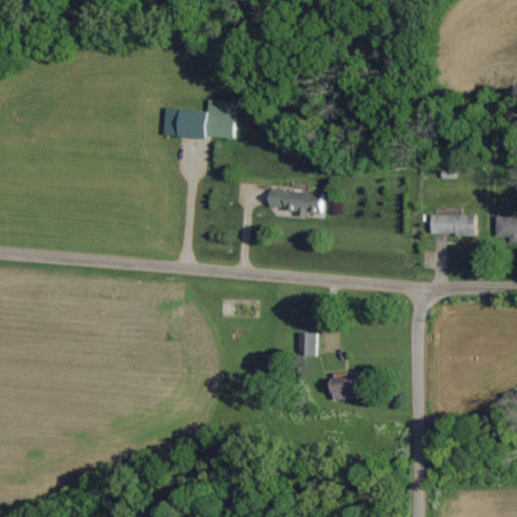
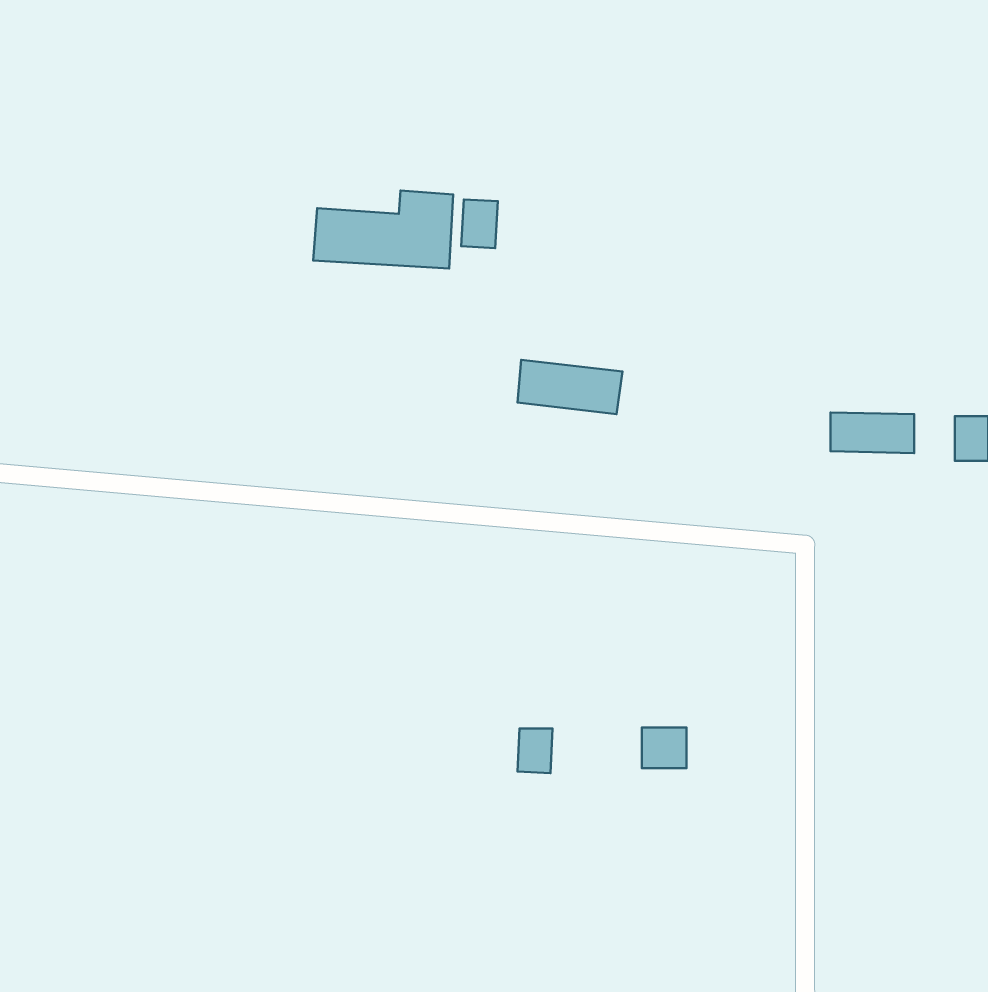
building: none -> [461,199,498,248]
building: [298,333,316,356] -> [518,729,553,773]

